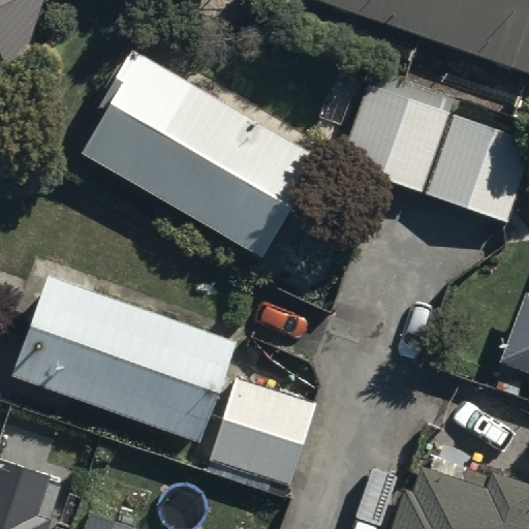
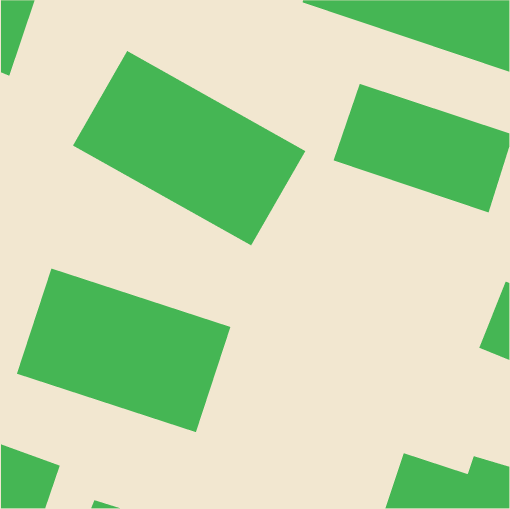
building: [209,379,316,483] -> none

